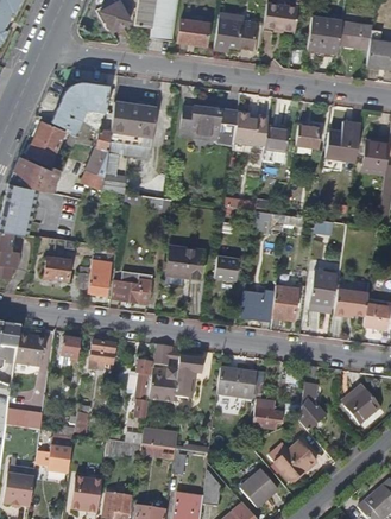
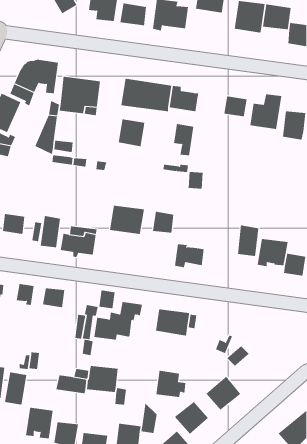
building: [263,126,286,163] -> [173,123,194,156]
building: none -> [118,119,145,147]
building: [271,285,297,319] -> none
building: [343,387,379,422] -> none
building: [248,397,283,428] -> [156,370,186,398]

